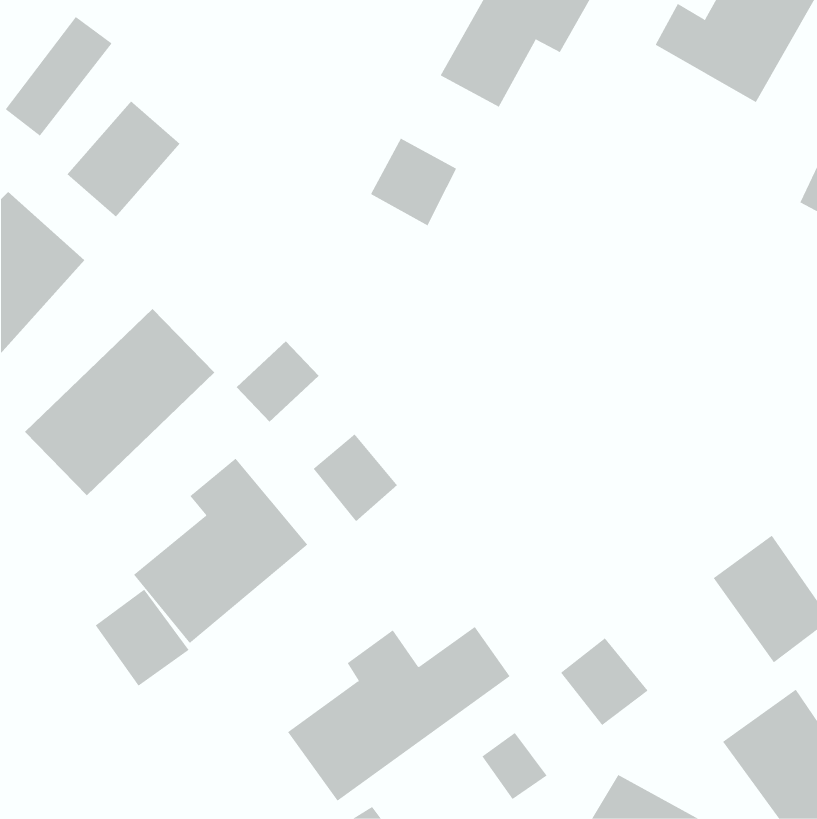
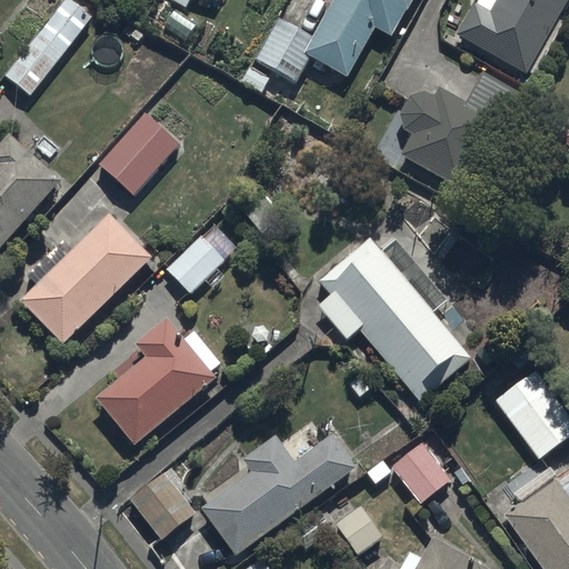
building: [67,100,181,218] -> [98,113,177,194]
building: none -> [398,74,518,183]
building: [370,138,457,226] -> [253,18,313,79]
building: none -> [318,239,469,401]
building: [313,433,398,522] -> none
building: [95,589,189,687] -> [130,473,196,541]

